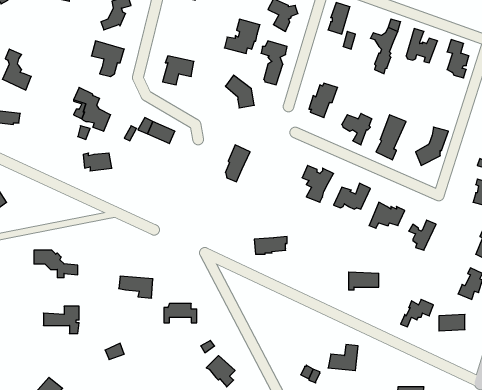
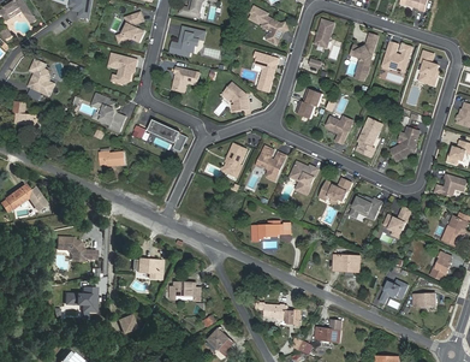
building: [224,19,260,53] -> [168,24,200,54]
building: none -> [256,144,286,180]
building: none -> [255,302,301,326]

